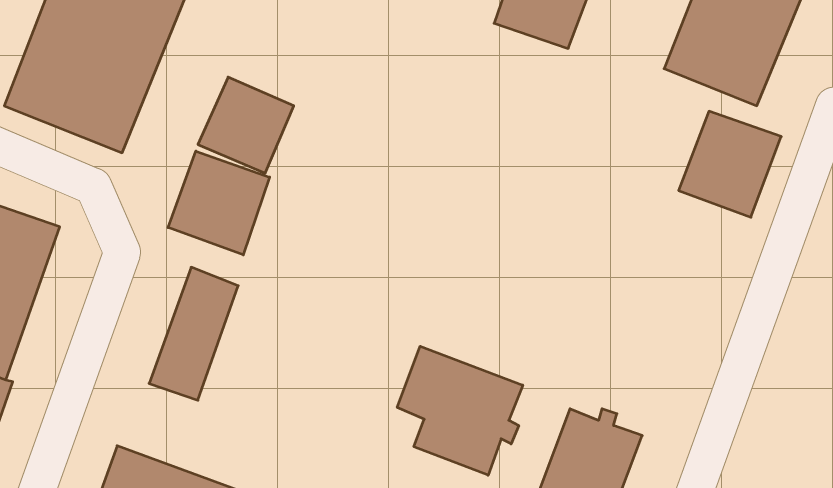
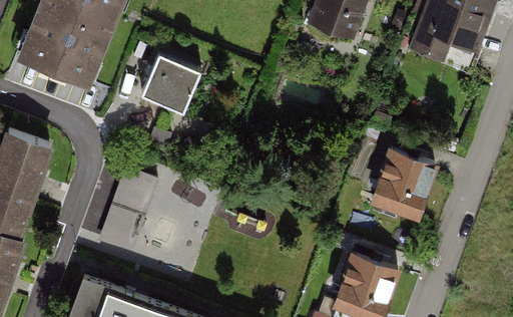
building: [679,111,781,217] -> [374,149,435,213]
building: [168,151,270,255] -> none
building: [397,346,523,475] -> none

